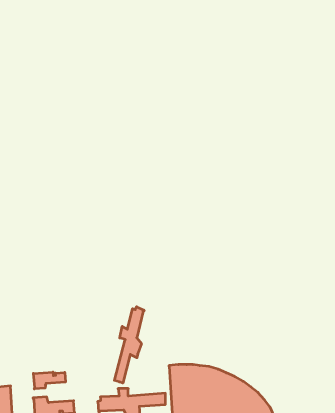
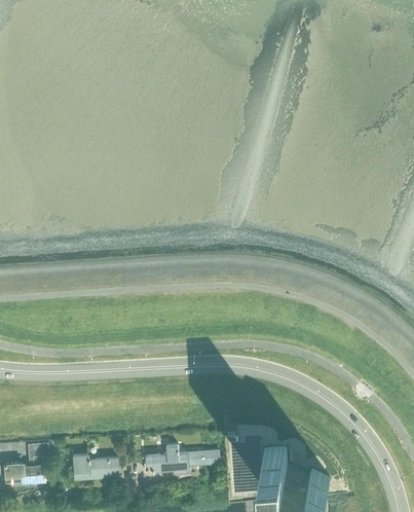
building: [114,307,144,383] -> none
building: [33,372,65,389] -> none

